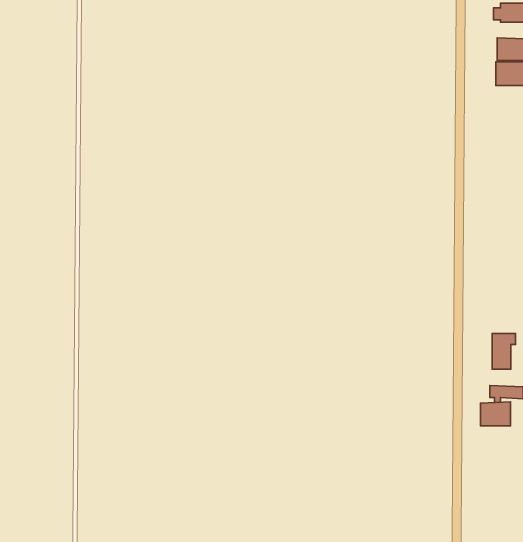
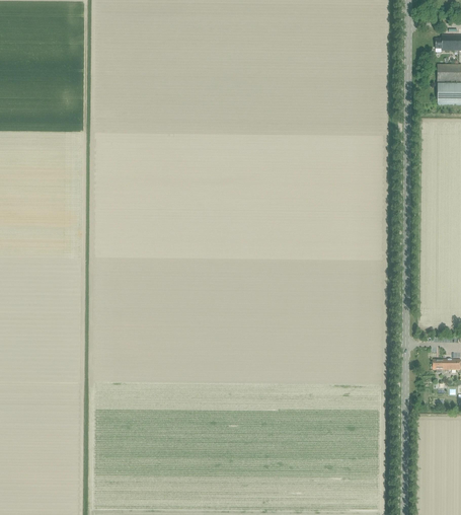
building: [492,333,516,369] -> none
building: [480,402,510,426] -> none

